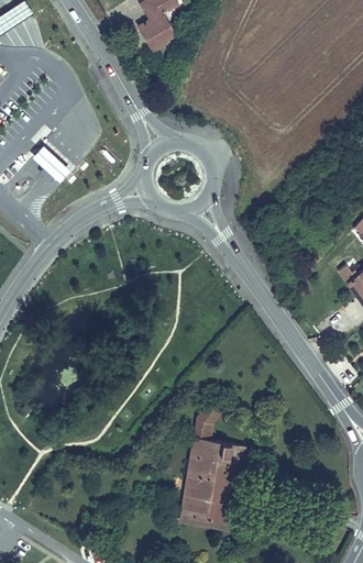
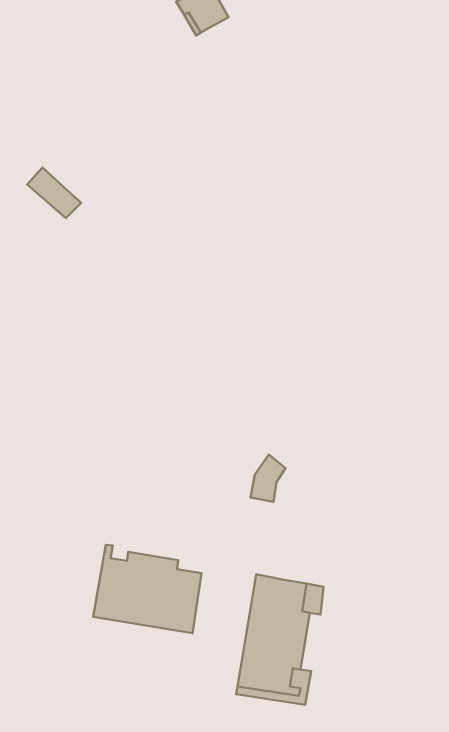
building: [195,405,220,439] -> [250,454,286,502]
building: none -> [93,545,202,633]

